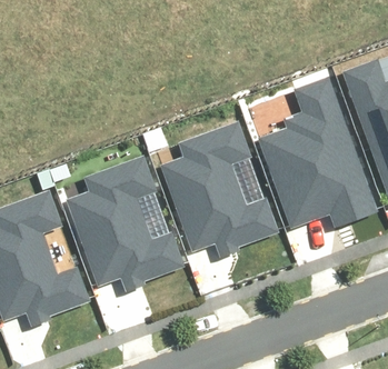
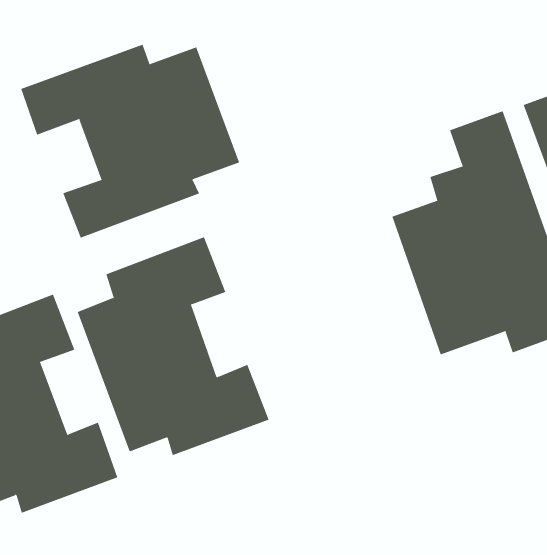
building: none -> [21,44,240,238]
building: [158,120,278,255] -> none

